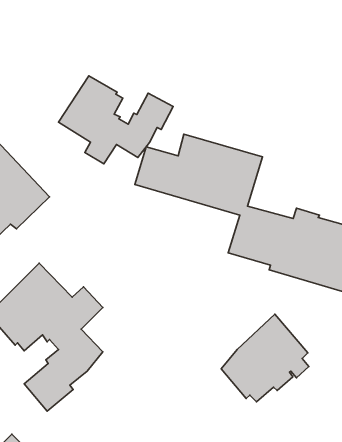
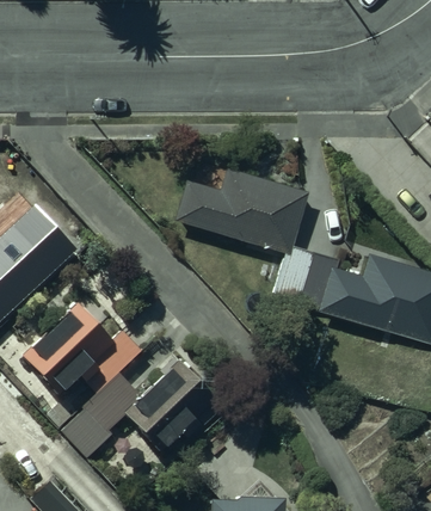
building: [59,76,173,164] -> none
building: [221,314,309,402] -> [127,359,218,451]

